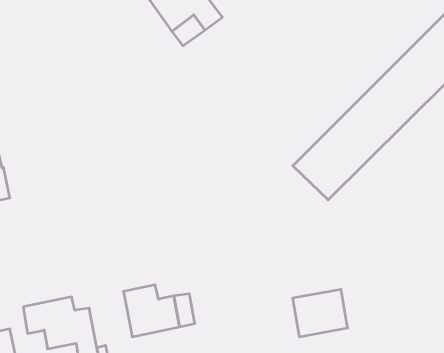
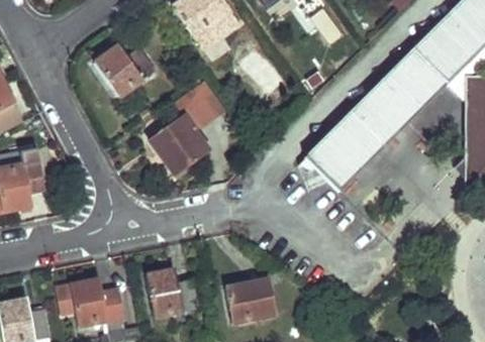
building: none -> [95,43,156,95]
building: none -> [149,79,228,175]
building: [293,289,348,337] -> [224,278,275,322]

